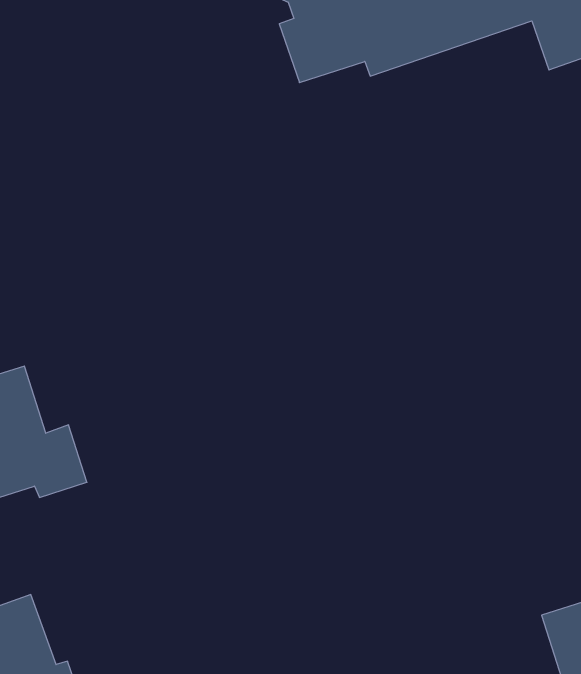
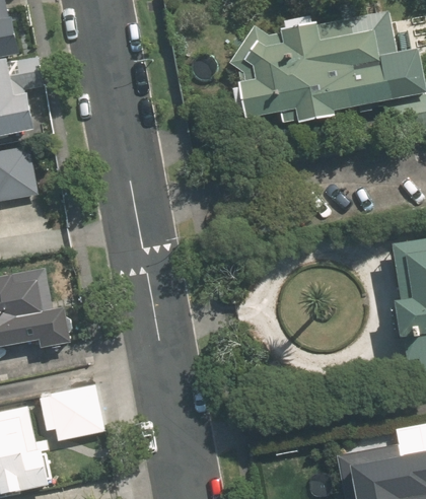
building: none -> [41,379,108,439]

